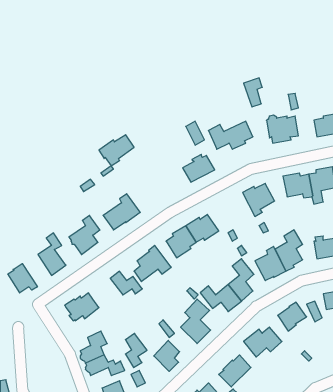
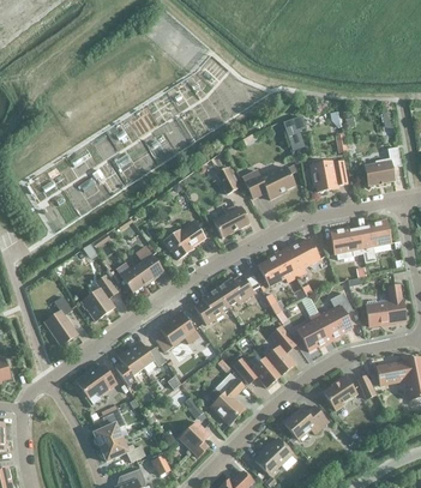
building: [99,135,134,166] -> [163,223,204,259]
building: none -> [257,249,296,287]
building: [8,264,37,293] -> none
building: [125,333,147,368] -> [118,349,143,388]

